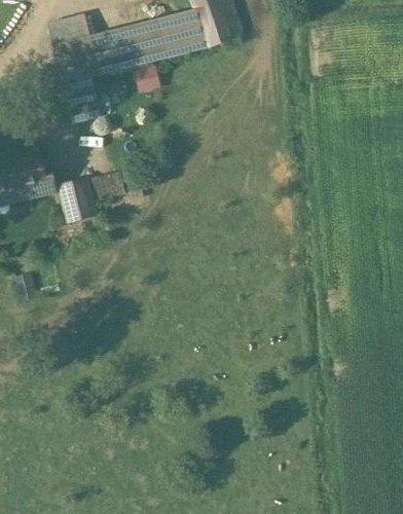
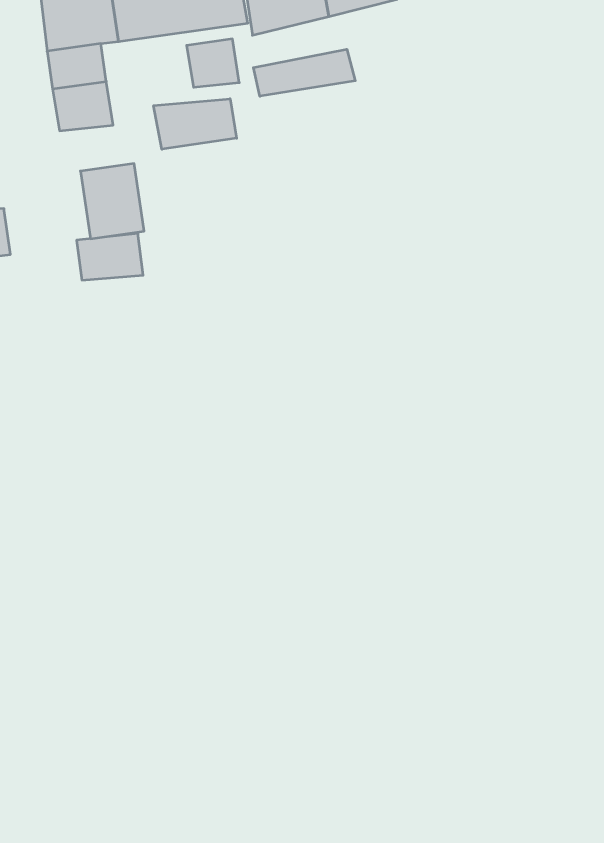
building: none -> [253,49,355,96]
building: none -> [154,99,237,149]
building: [60,178,97,220] -> [80,164,144,239]

